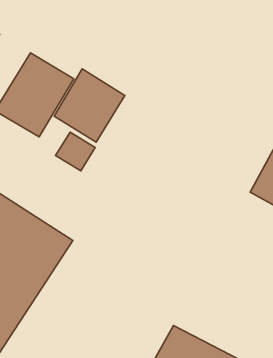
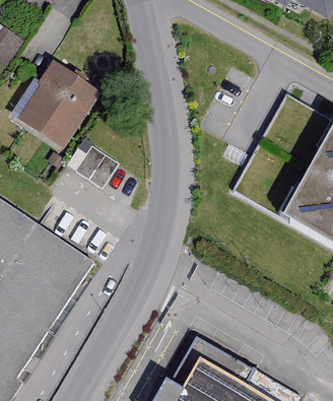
building: [54,69,125,142] -> none

